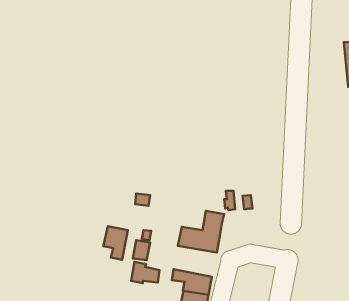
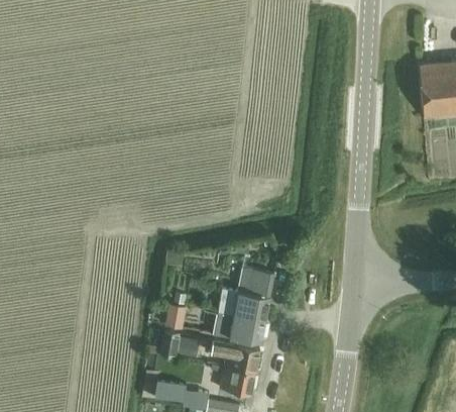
building: [103,226,128,260] -> none
building: none -> [215,312,265,343]

